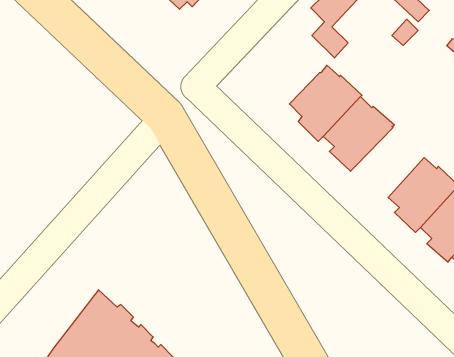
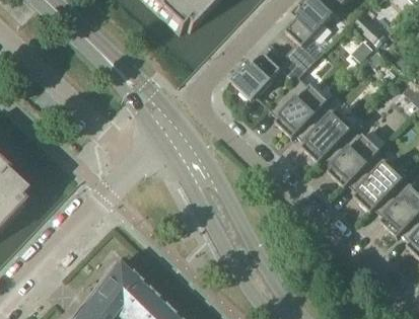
building: none -> [234,50,307,97]
building: none -> [325,125,382,184]

